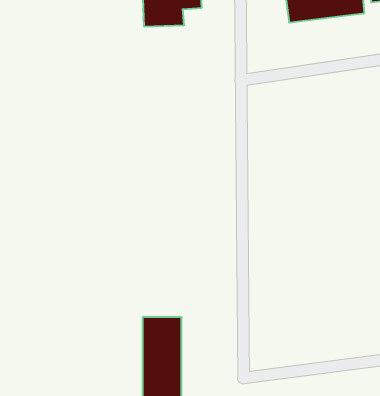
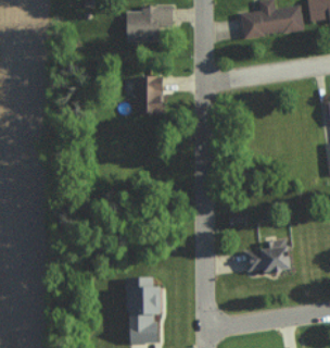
building: none -> [135,76,161,115]
building: none -> [244,238,287,272]

